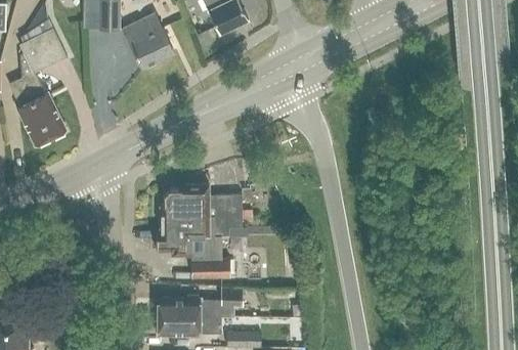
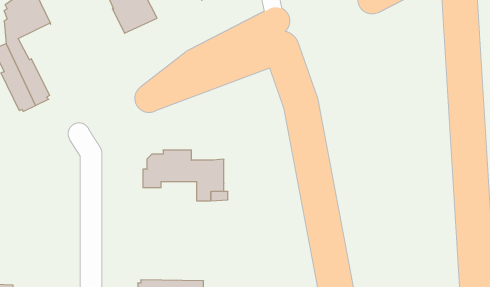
building: [156,217,231,278] -> none
building: [155,289,243,317] -> none

